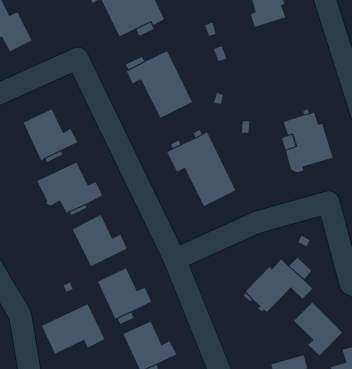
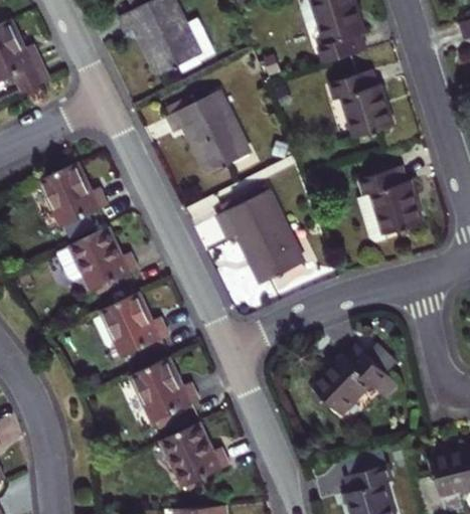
building: none -> [331,70,393,138]
building: [293,302,343,356] -> none
building: [41,304,105,355] -> none

